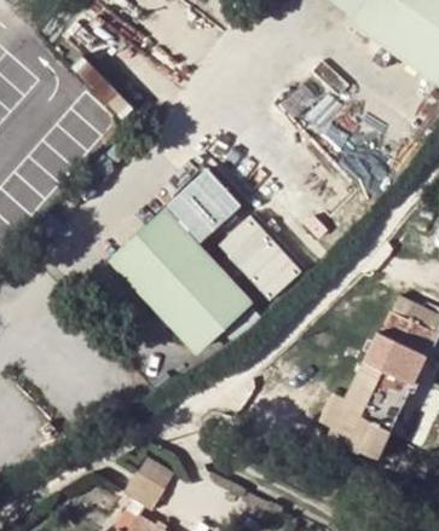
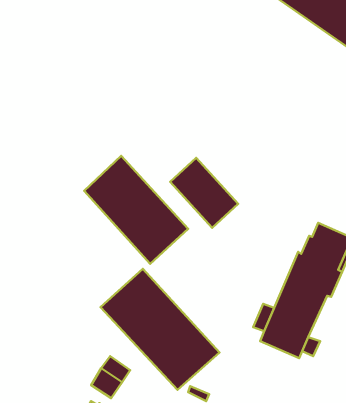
building: [168,168,242,242] -> none
building: none -> [101,269,220,390]

